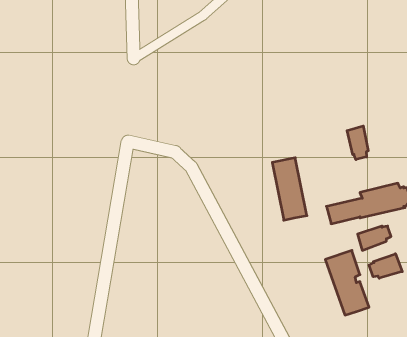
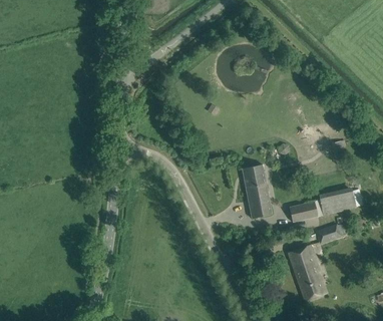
building: [347,126,368,160] -> none
building: [369,254,402,278] -> none

